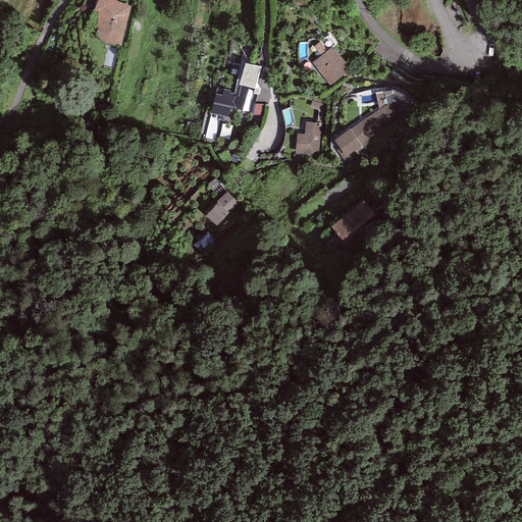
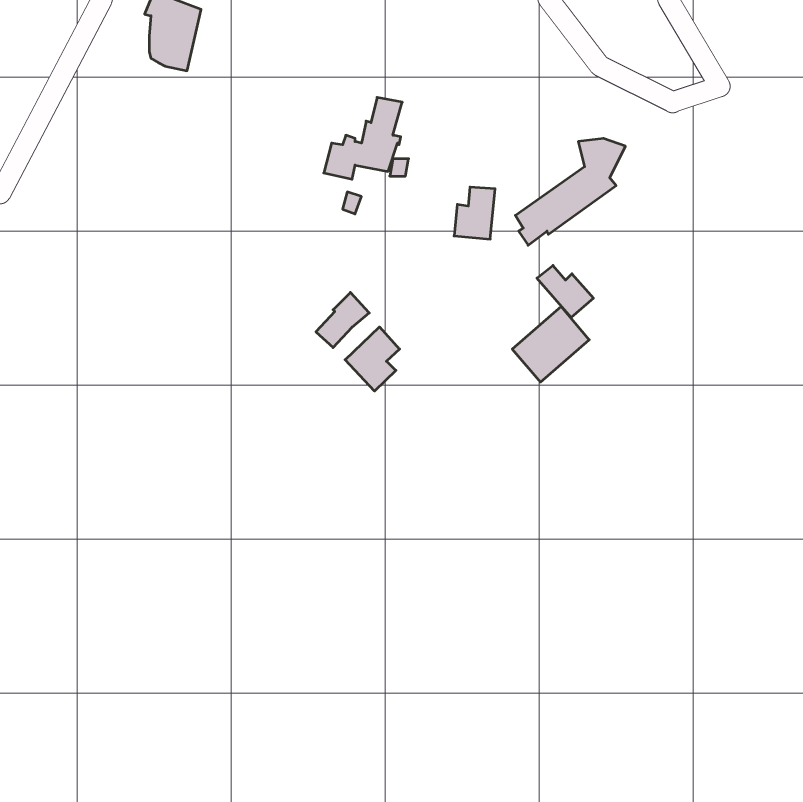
building: [312,46,351,85] -> none
building: none -> [537,265,593,317]
building: none -> [345,327,400,391]

